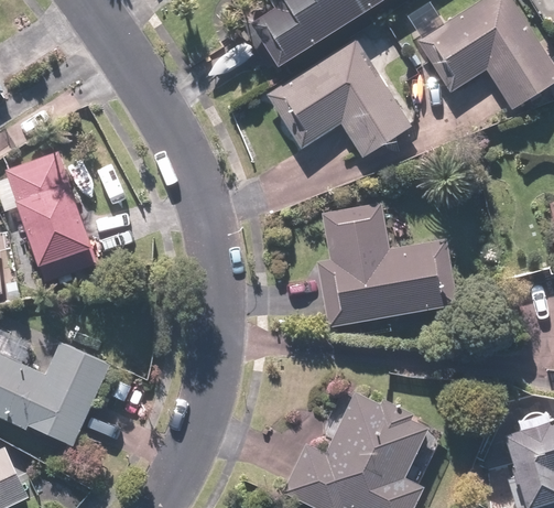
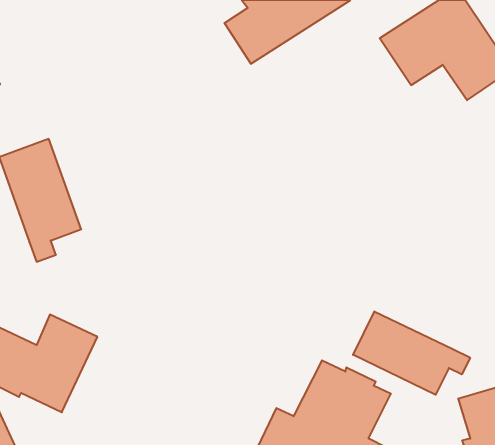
building: [265,39,413,160] -> none
building: [317,203,458,327] -> none
building: none -> [353,311,470,395]

